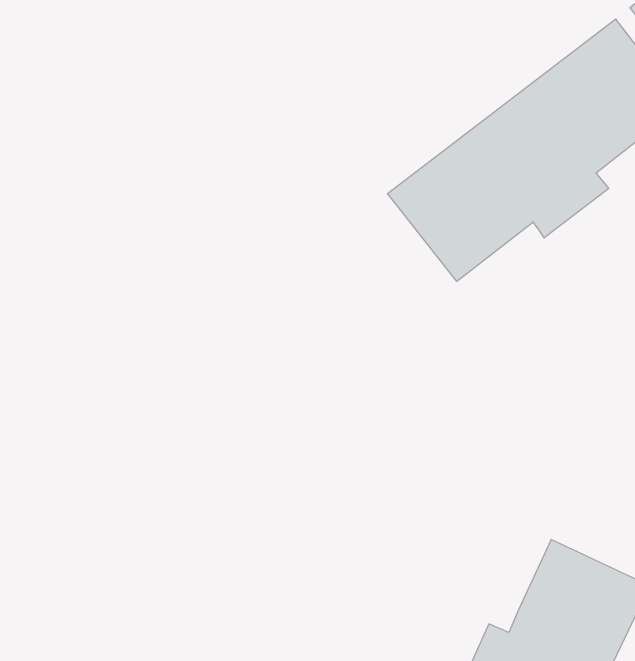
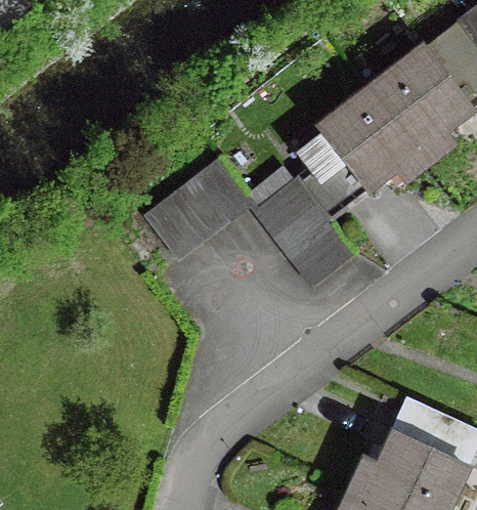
building: none -> [143,159,249,258]
building: none -> [257,177,354,286]

